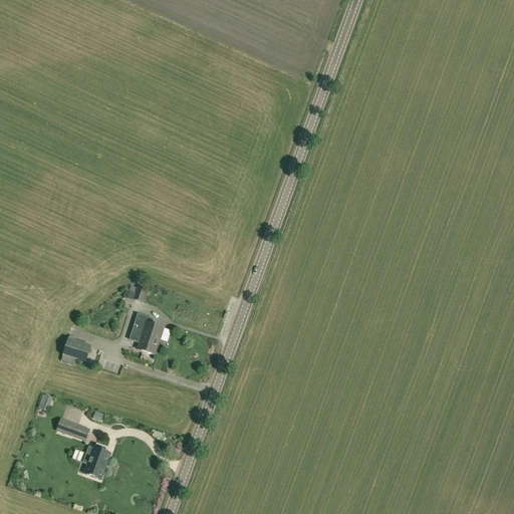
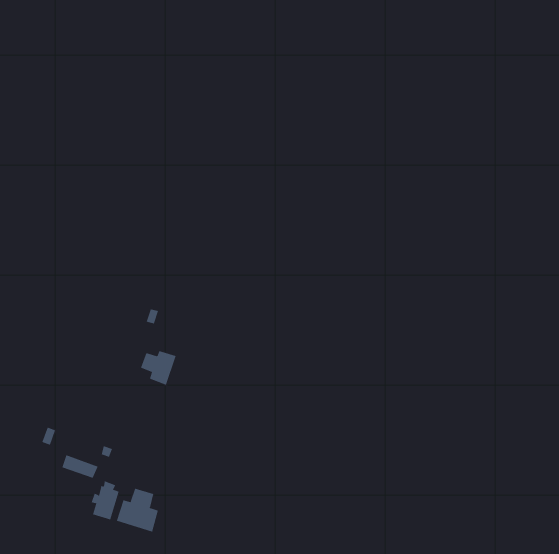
building: [63,335,91,359] -> none
building: none -> [116,488,159,532]

